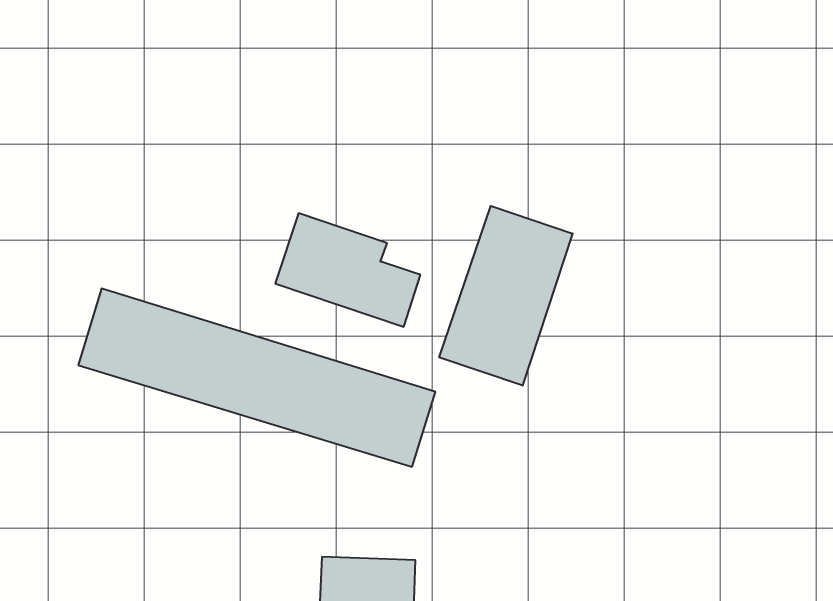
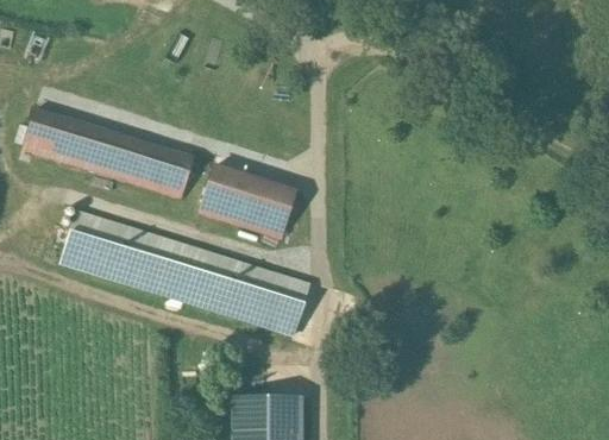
building: none -> [23,106,195,199]
building: [439,206,573,386] -> none

